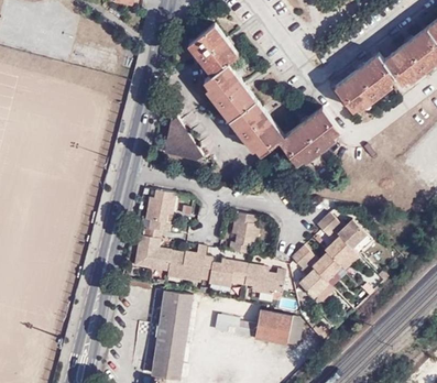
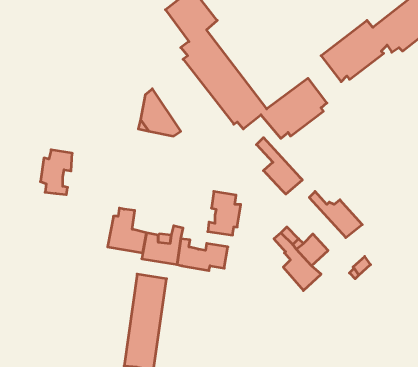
building: [146,190,176,232] -> [40,150,72,195]
building: [317,219,360,272] -> [256,138,302,194]
building: [244,265,286,295] -> none
building: [253,310,302,347] -> none

